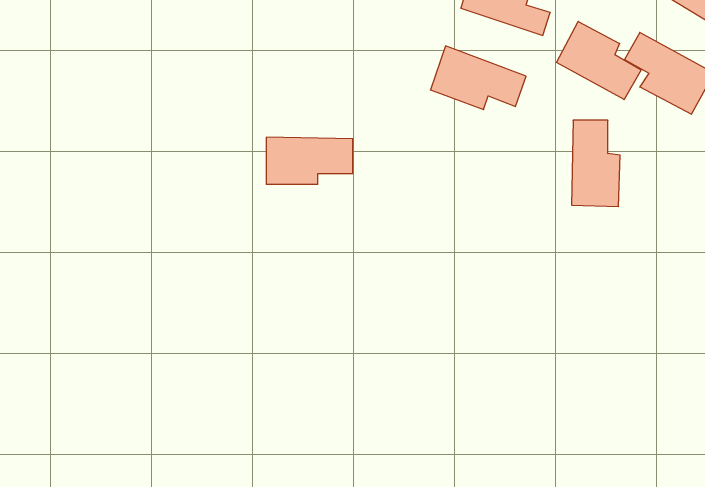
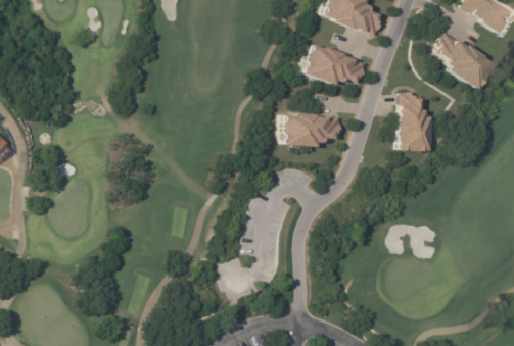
building: [556,21,641,100] -> none
building: [266,137,353,184] -> [284,114,342,146]

